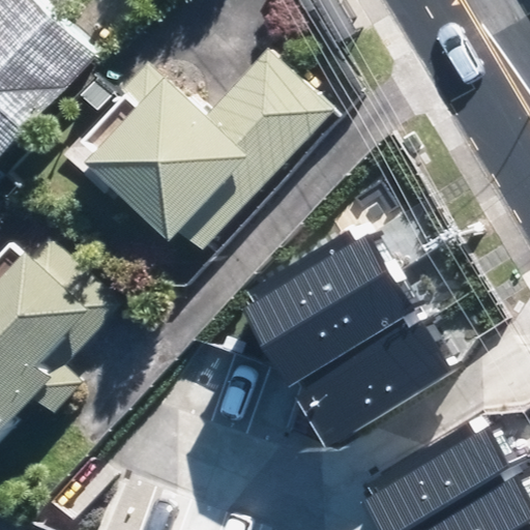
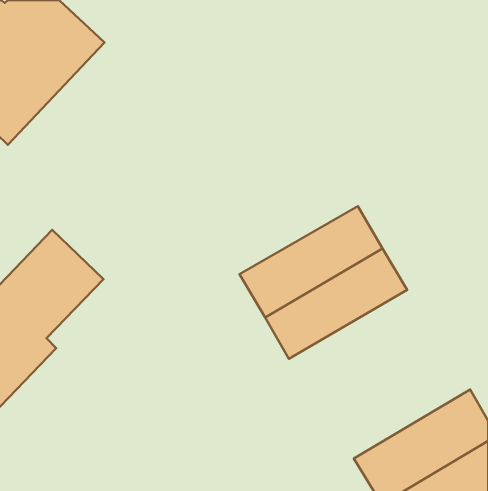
building: [114,65,330,237] -> none
building: [303,318,457,440] -> none

